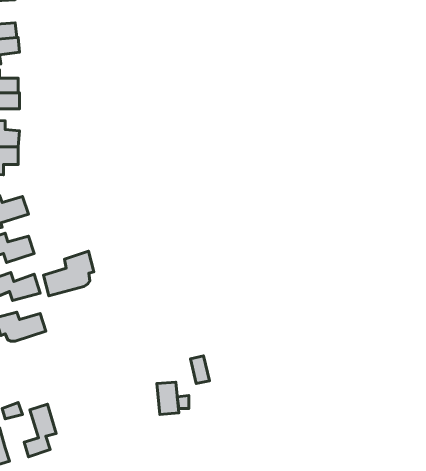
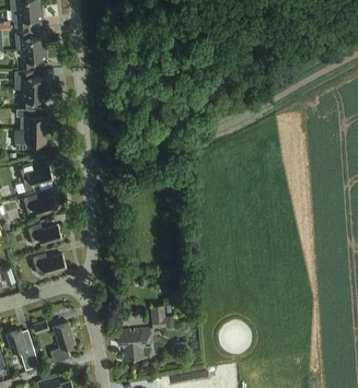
building: [44,251,94,296] -> none
building: none -> [116,328,150,358]

